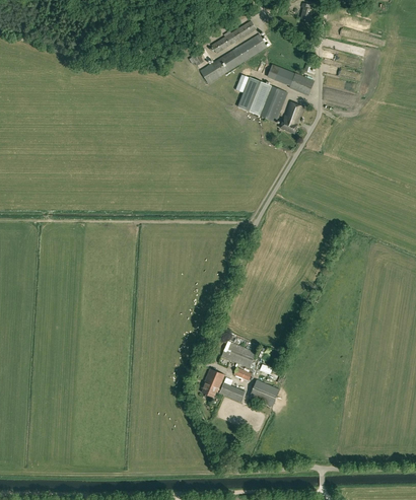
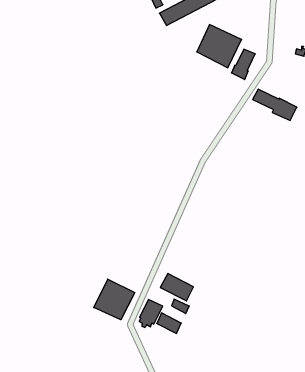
building: [267,65,314,95] -> [253,89,297,120]
building: none -> [94,279,135,320]
building: [249,379,279,407] -> none

